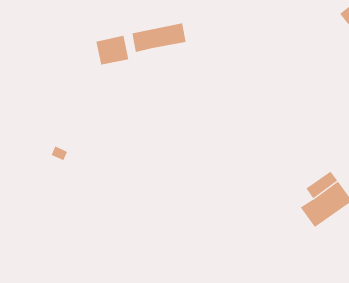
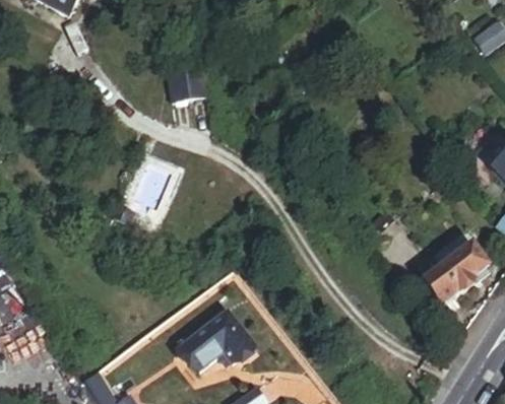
building: [132,23,186,53] -> none
building: none -> [185,314,253,367]

